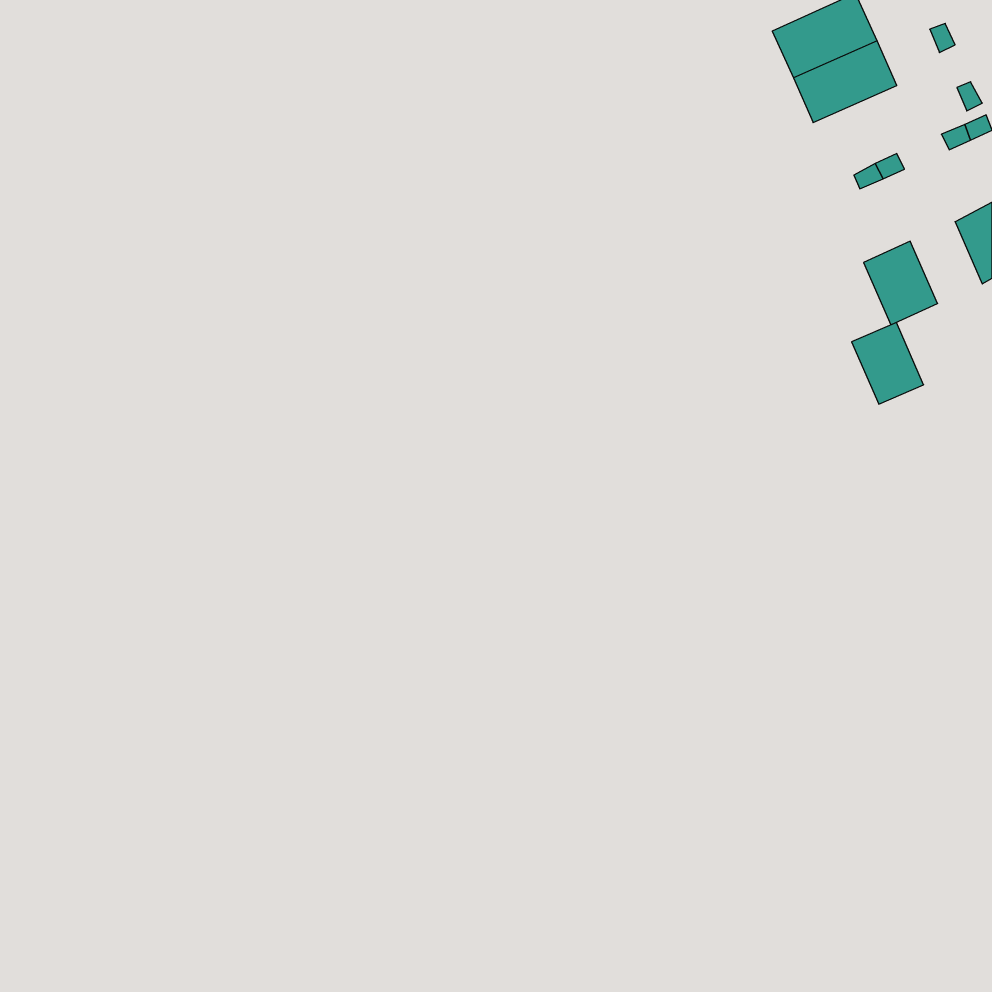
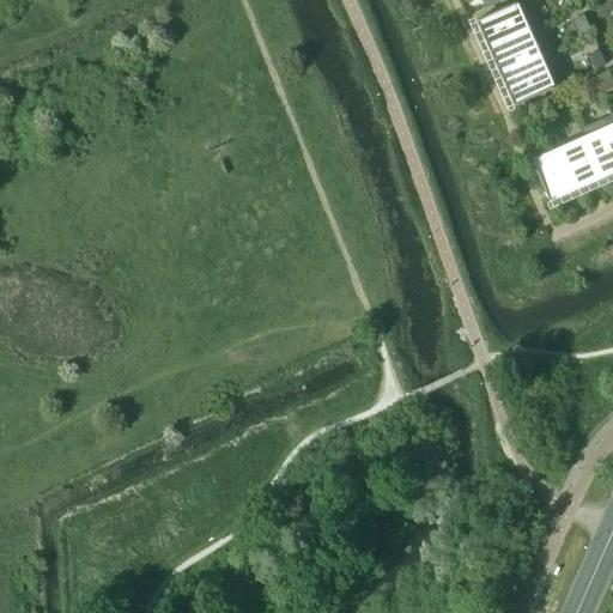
building: none -> [500,53,565,104]
building: [852,322,924,404] -> [560,136,605,187]

